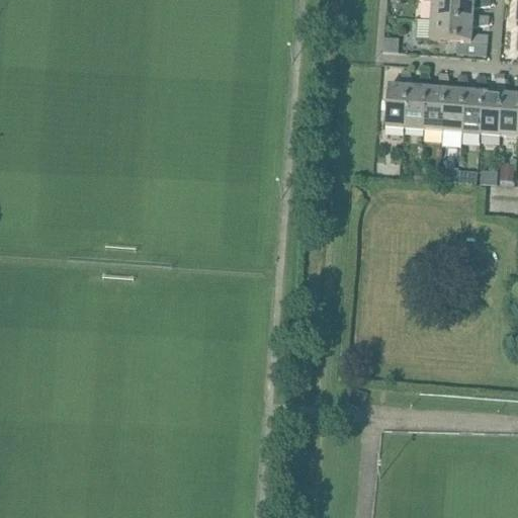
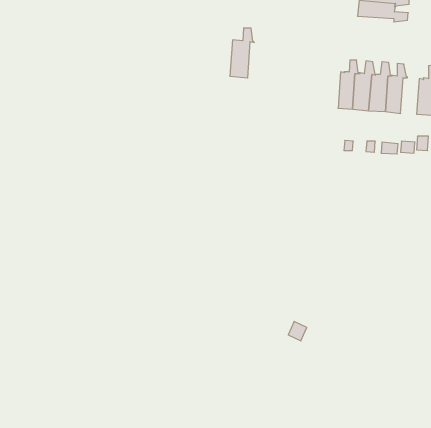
building: [428,19,488,54] -> none
building: [384,70,414,130] -> [230,28,254,78]
building: [481,77,508,137] -> none

